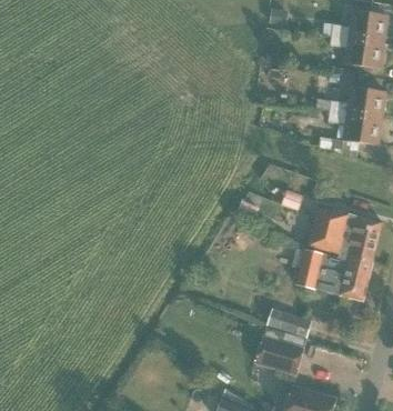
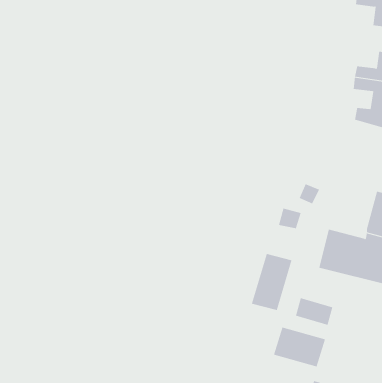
building: [308,206,349,251] -> none
building: none -> [251,253,292,311]

